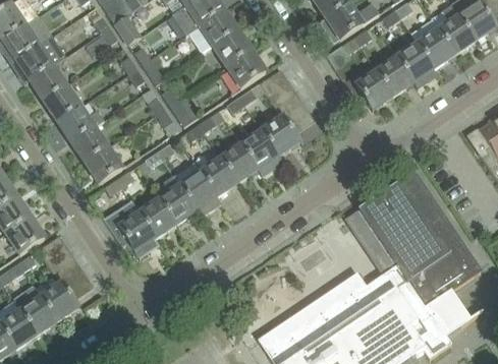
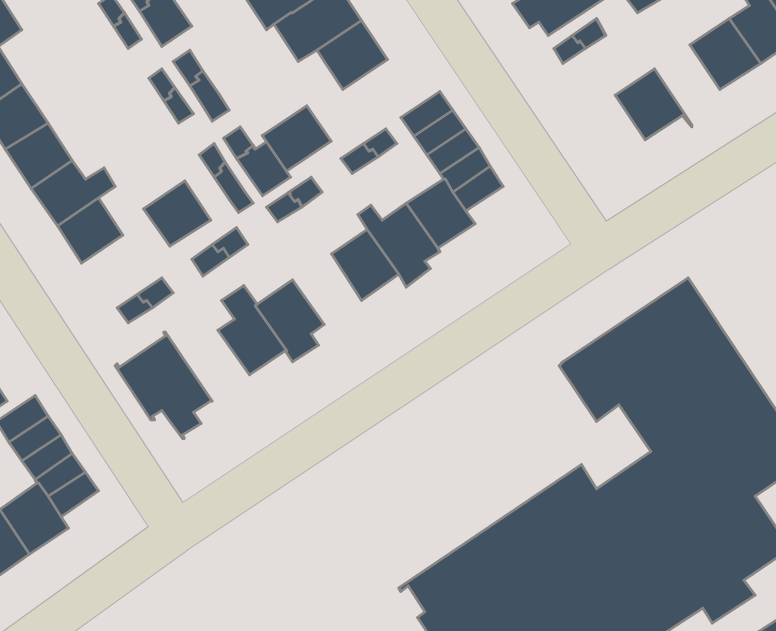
building: [397,43,433,86] -> none
building: [227,51,265,86] -> [262,106,331,171]
building: [355,70,392,109] -> none
building: [85,146,121,182] -> [144,181,211,246]
building: [200,157,237,195] -> none
building: [139,198,176,237] -> none

